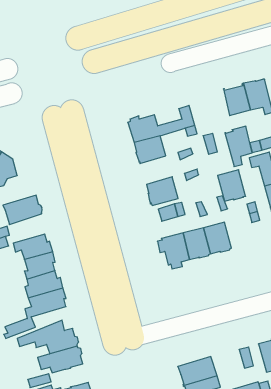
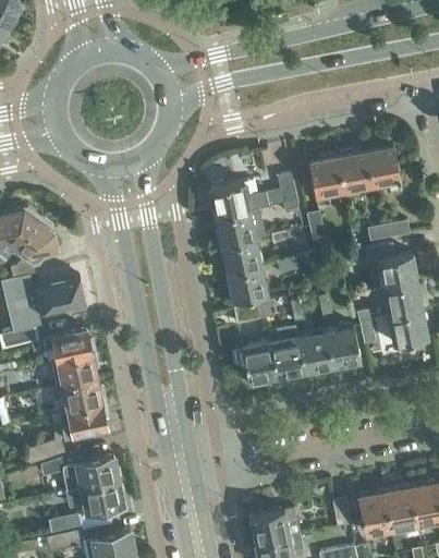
building: [225,126,252,167] -> [309,155,343,207]
building: none -> [220,238,261,274]
building: [218,170,246,201] -> [326,326,361,366]

